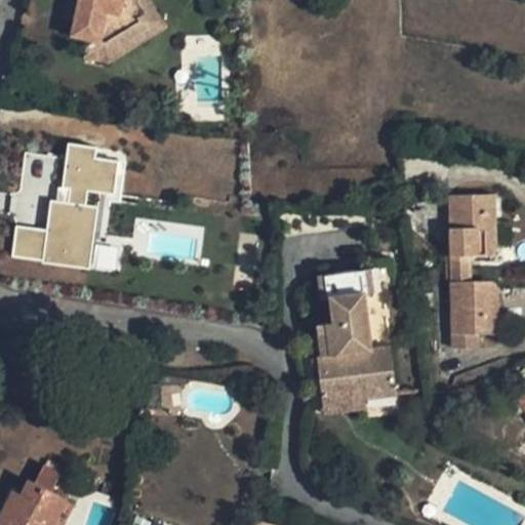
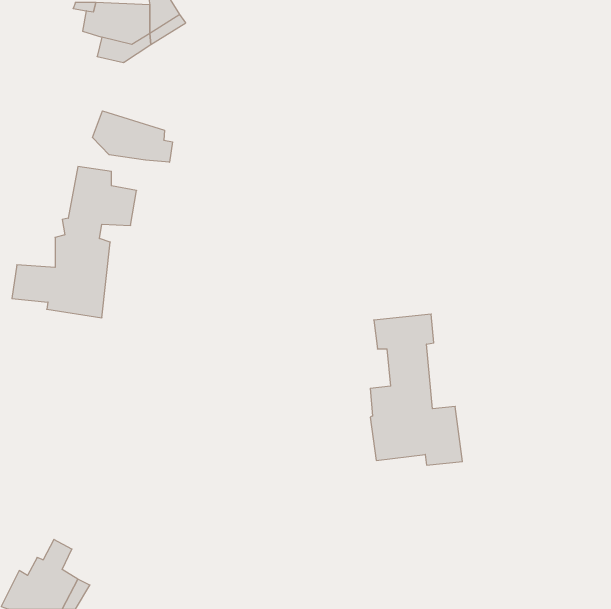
building: none -> [93,111,172,162]
building: [450,193,496,348] -> none
building: [322,389,366,414] -> none

